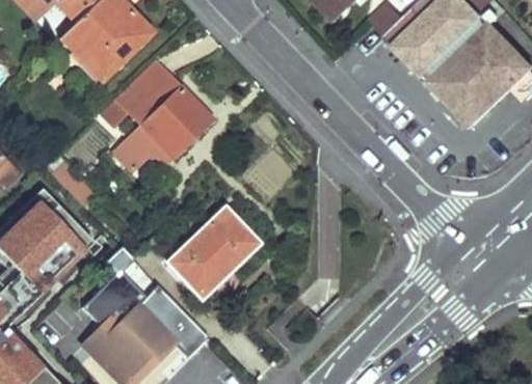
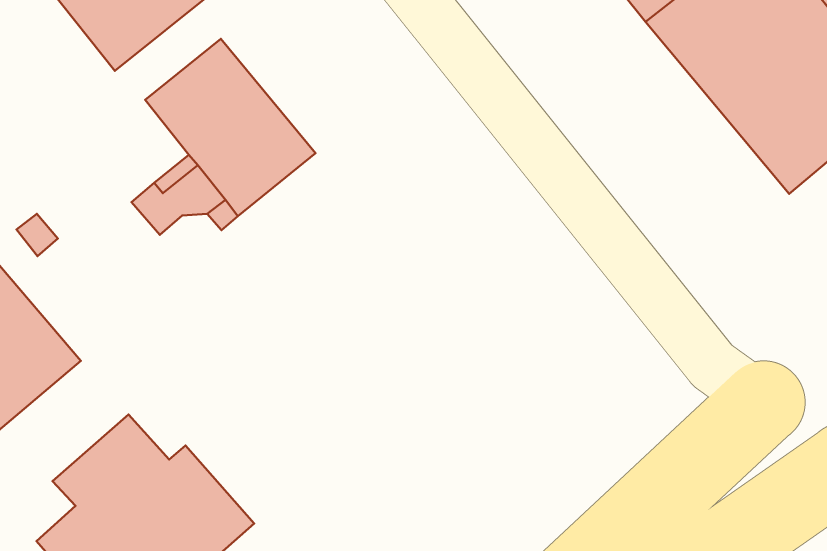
building: [167,210,256,298] -> none

